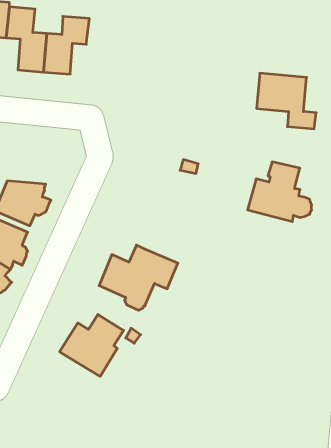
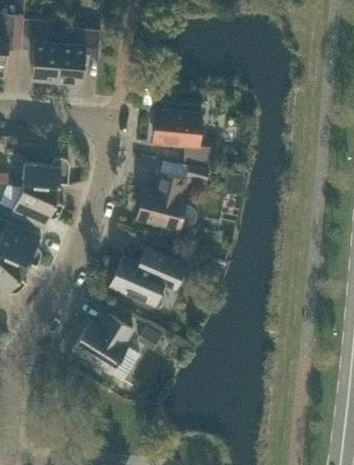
building: [257,73,316,129] -> [153,109,210,162]
building: none -> [21,157,68,189]
building: [248,162,312,222] -> [136,172,197,229]

